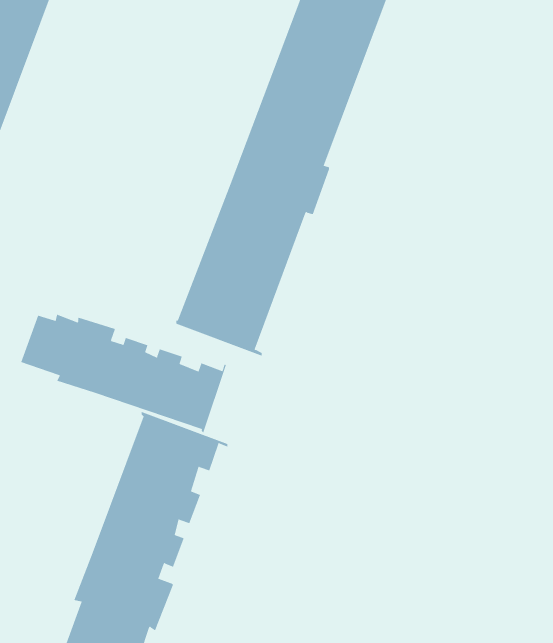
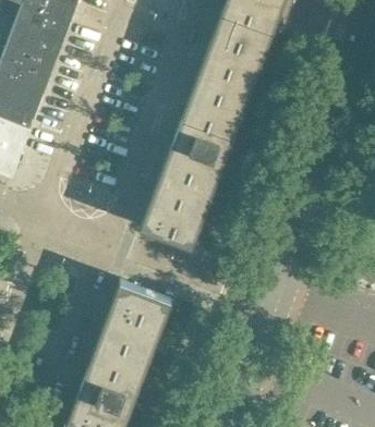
building: [21,314,227,433] -> none

